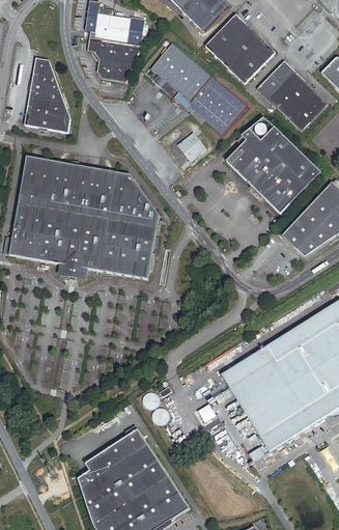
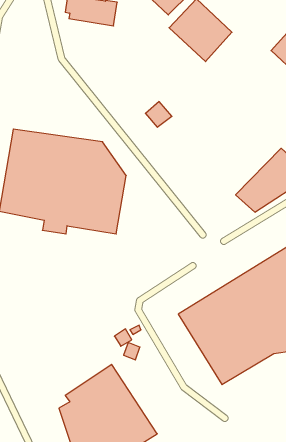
building: [88,35,142,81] -> none
building: [143,41,243,131] -> none
building: [21,56,67,131] -> none
building: [257,59,330,131] -> none
building: [225,116,322,212] -> none

